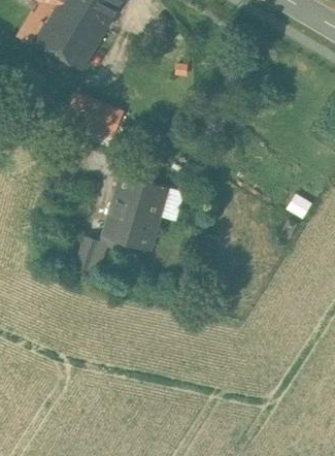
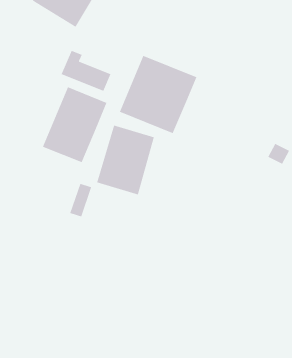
building: none -> [119,55,197,134]
building: none -> [42,86,108,163]

